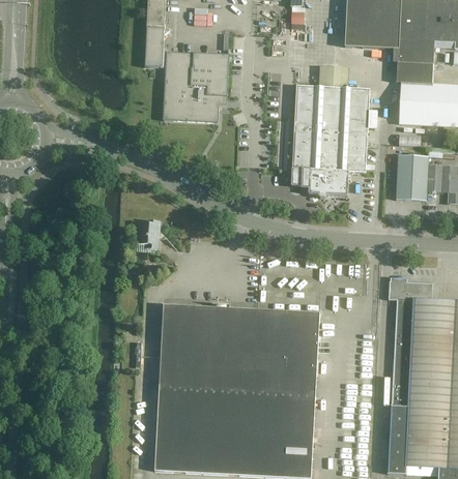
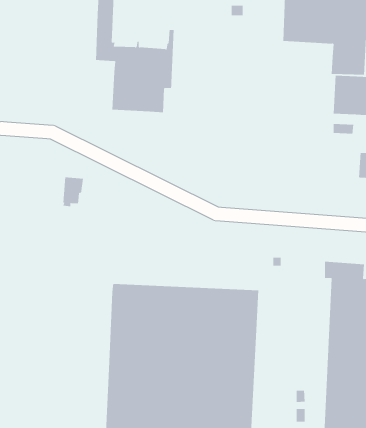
building: [291,65,370,198] -> none
building: [396,154,428,200] -> none
building: [138,219,161,251] -> [62,177,84,207]

